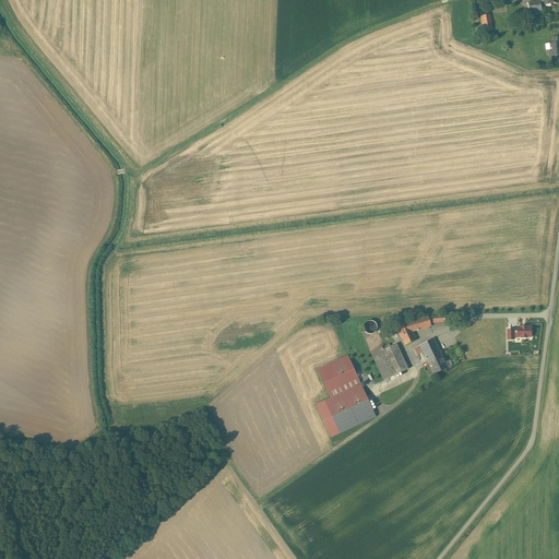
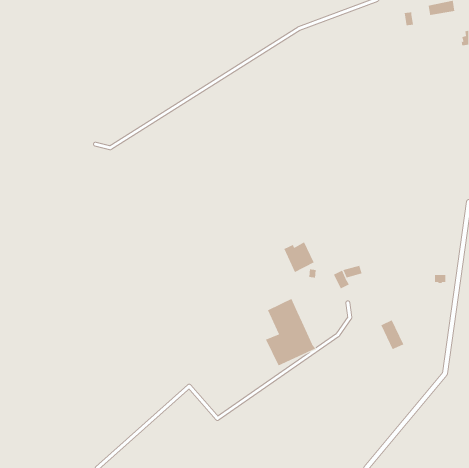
building: [419,337,448,373] -> [380,320,404,350]
building: [370,343,407,380] -> [283,242,315,273]

